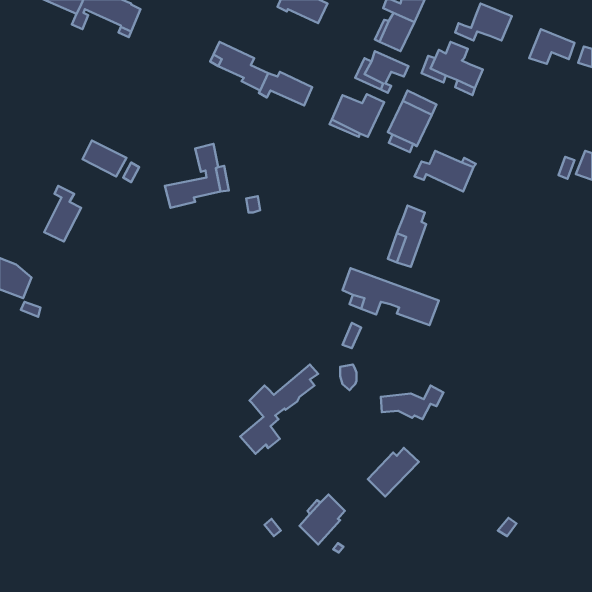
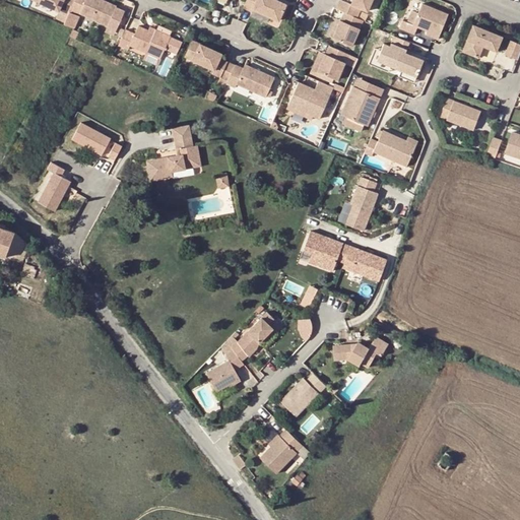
building: none -> [118,24,181,57]
building: none -> [440,99,480,131]
building: [368,448,419,497] -> [281,376,326,418]

